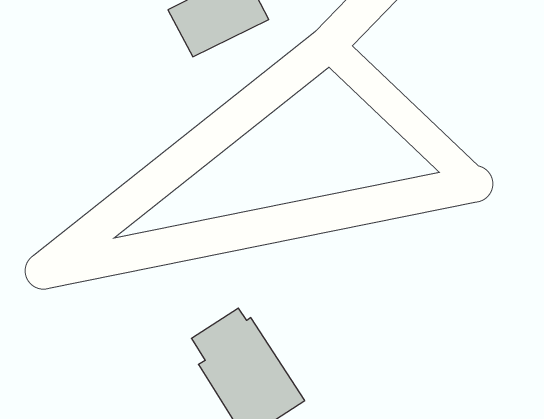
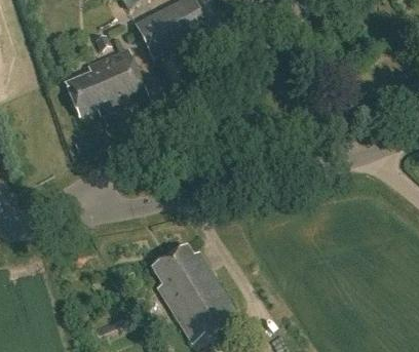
building: none -> [63,47,144,115]

